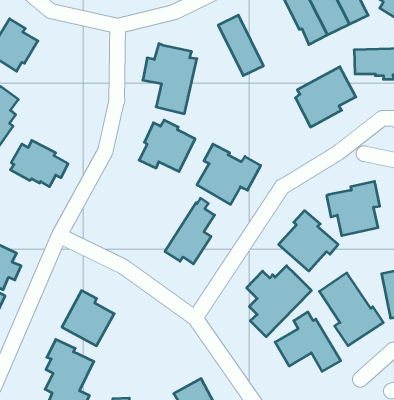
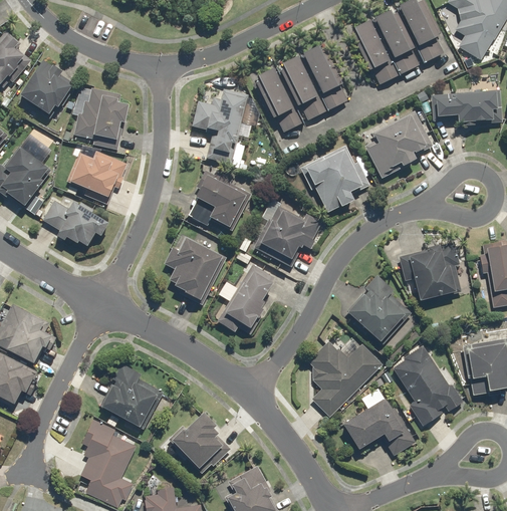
building: none -> [300,42,349,110]
building: none -> [252,64,305,132]
building: none -> [72,87,128,150]
building: none -> [300,145,361,215]
building: none -> [66,151,128,204]
building: none -> [164,235,222,299]
building: none -> [169,411,222,469]

